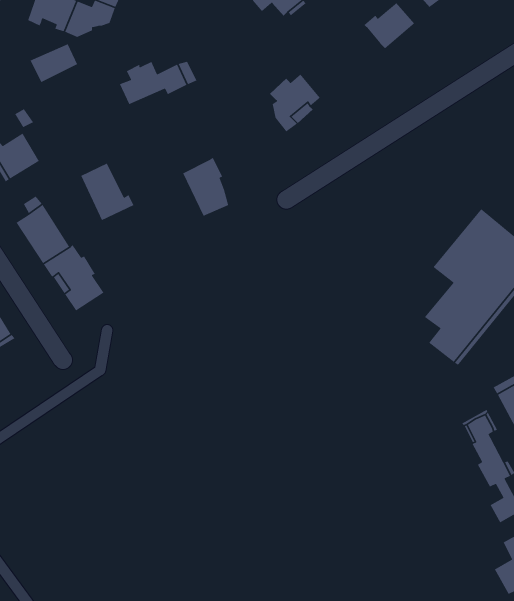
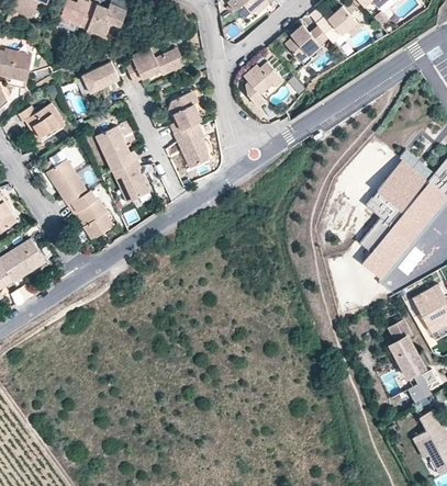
building: none -> [281,22,325,59]
building: [29,43,78,83] -> [81,61,119,92]
building: none -> [168,92,202,134]
building: none -> [112,159,149,203]

